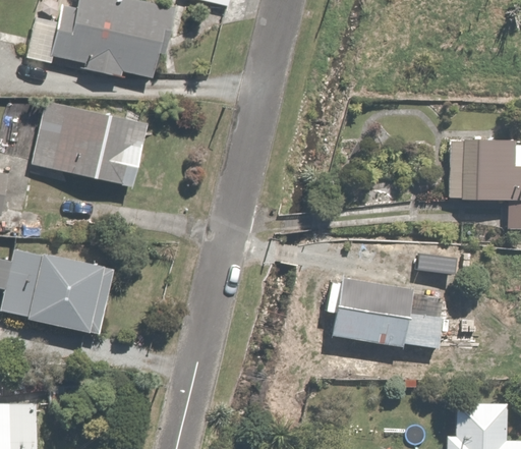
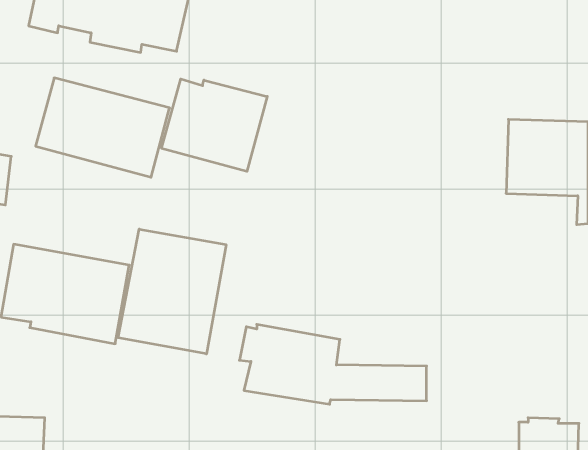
building: none -> [162,79,267,171]
building: none -> [118,229,226,354]
building: [326,279,490,349] -> [239,324,427,404]

